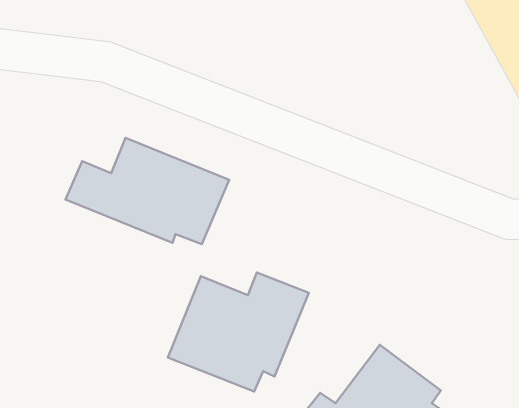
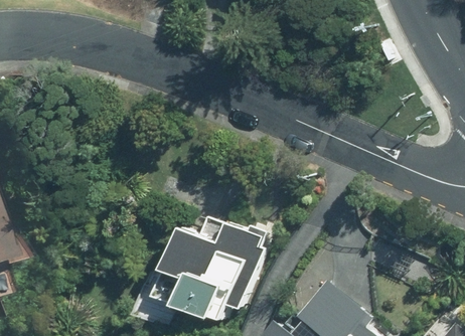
building: [65,138,229,244] -> none

